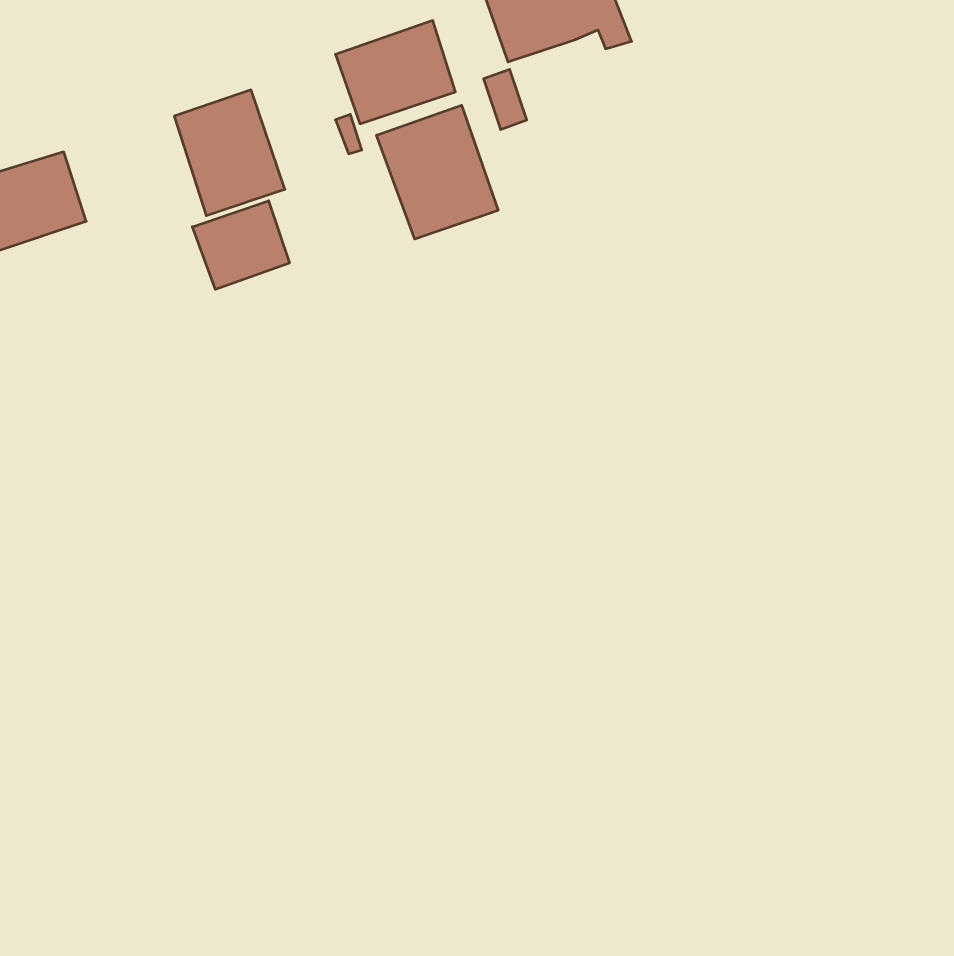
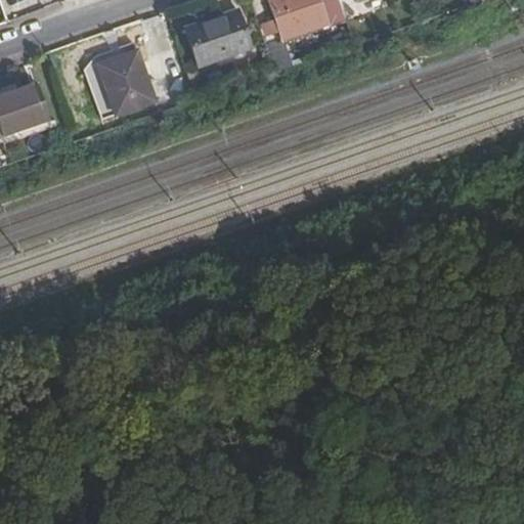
building: [377,105,498,239] -> none
building: [192,201,289,289] -> none

